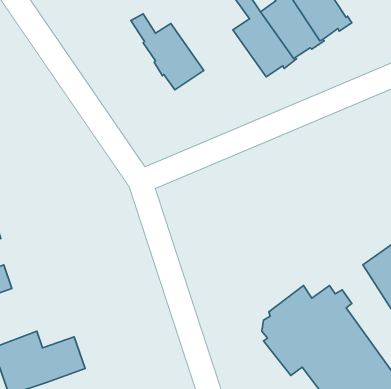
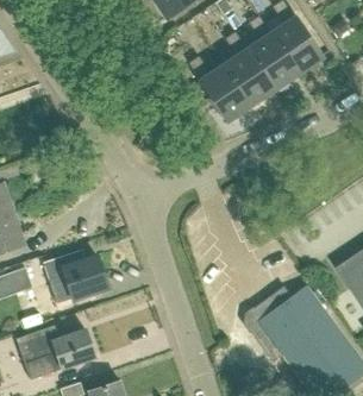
building: [131,14,204,90] -> [188,57,251,122]
building: none -> [43,250,107,298]

